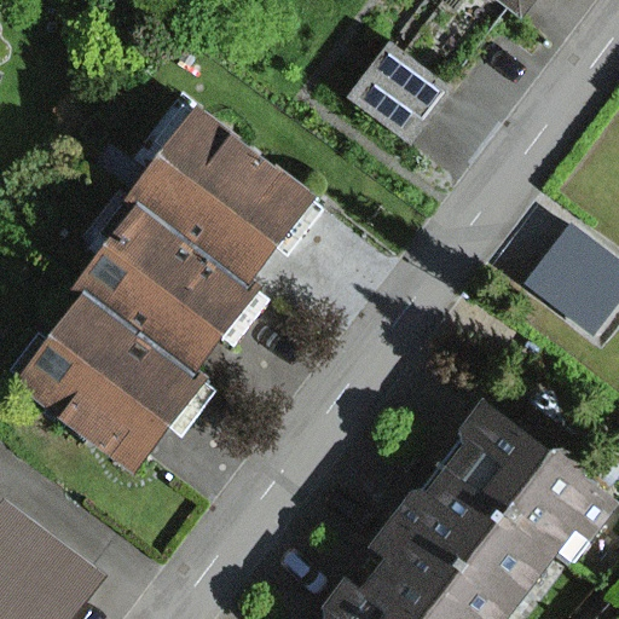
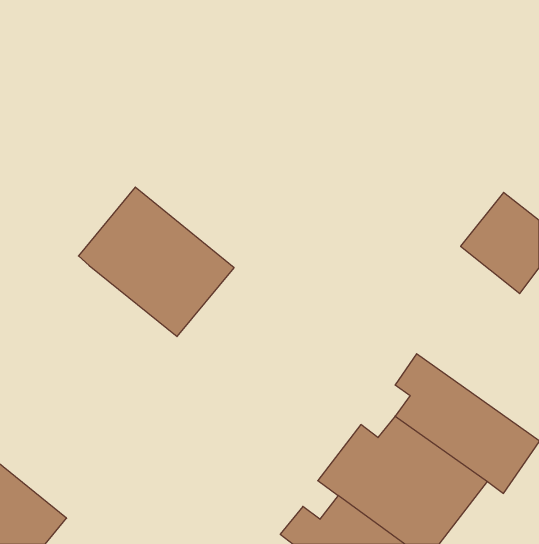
building: [345,37,444,135] -> none
building: [139,112,317,283] -> none
building: [22,299,206,480] -> none

